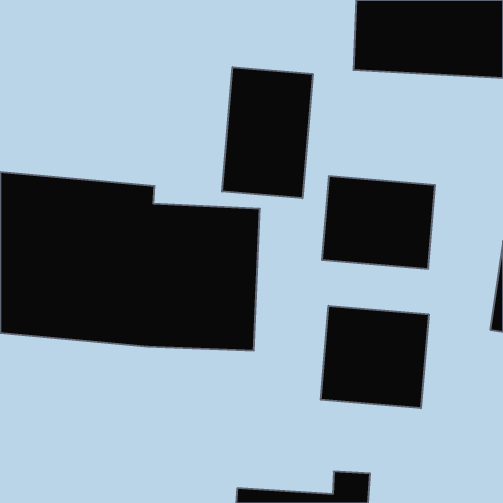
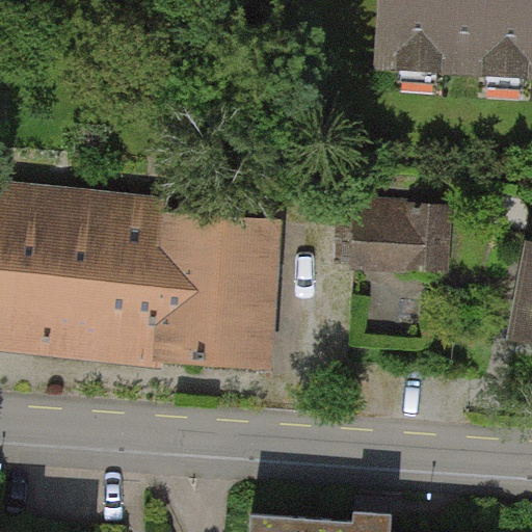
building: [222,67,313,198] -> none
building: [321,306,429,408] -> none

